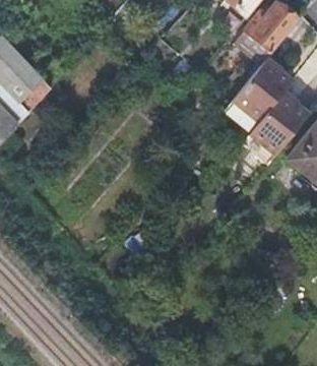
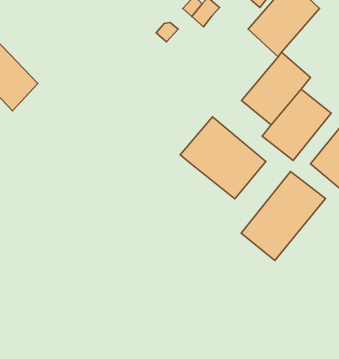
building: none -> [180,117,266,199]
building: none -> [241,172,325,260]

